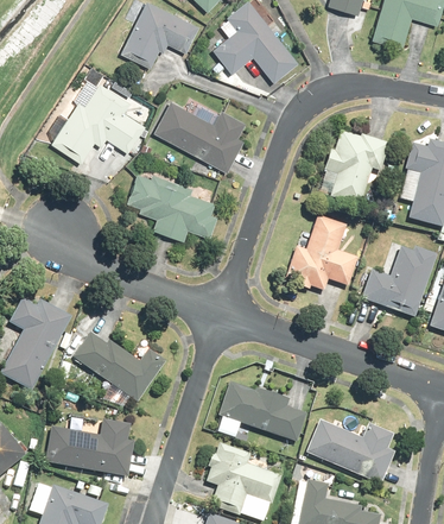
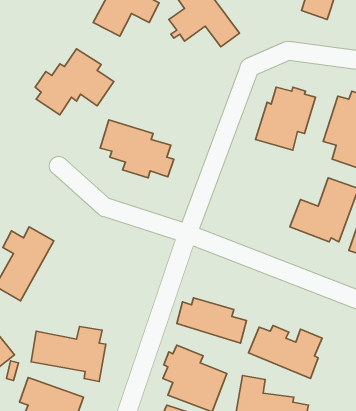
building: [153,99,245,171] -> none
building: [286,214,359,291] -> none
building: [74,332,165,409] -> none

